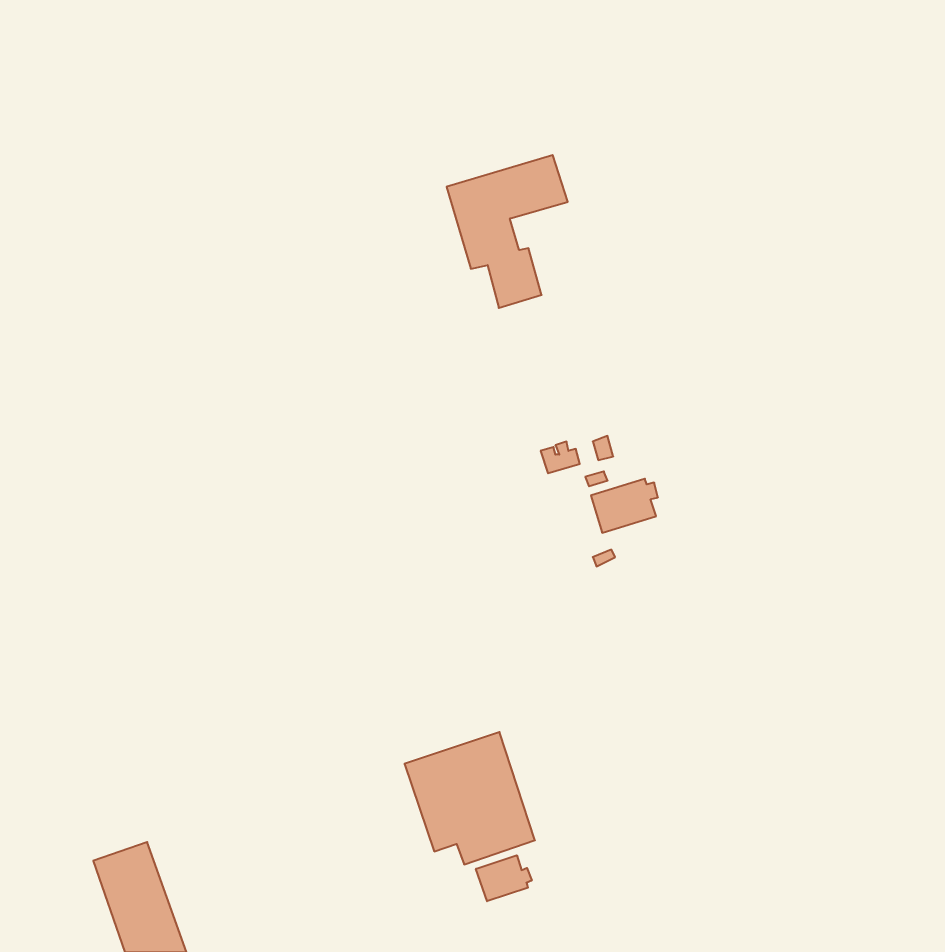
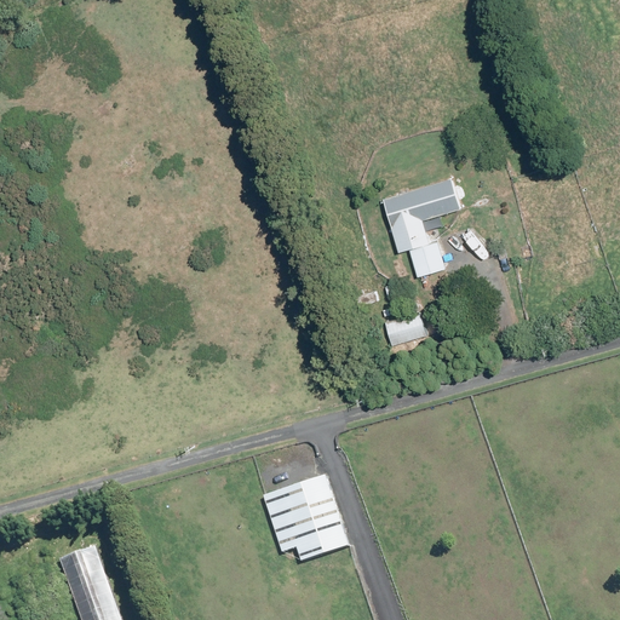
building: [447,155,568,308] -> [383,179,461,279]
building: [476,855,532,901] -> none

